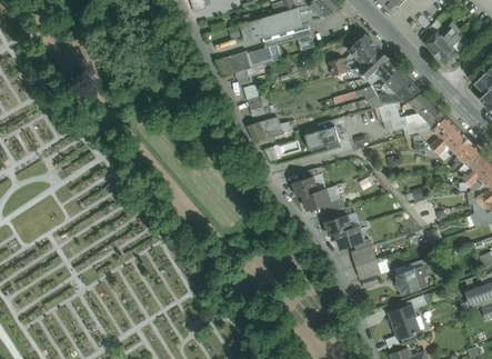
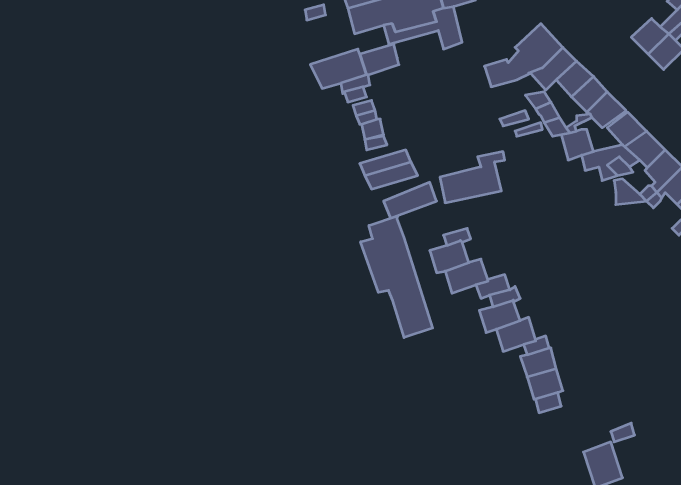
building: none -> [361,216,433,338]
building: [396,266,431,293] -> none

